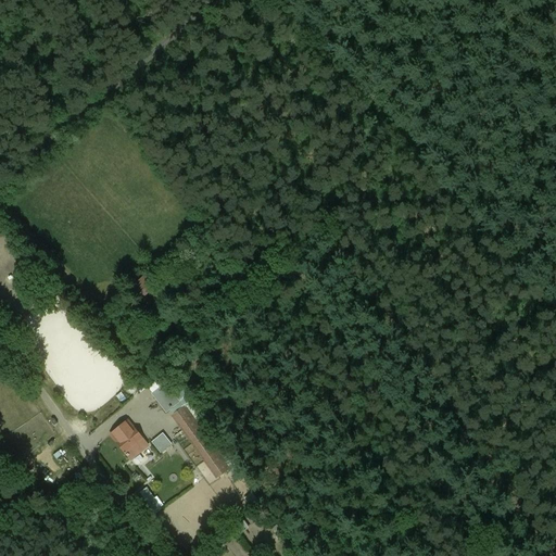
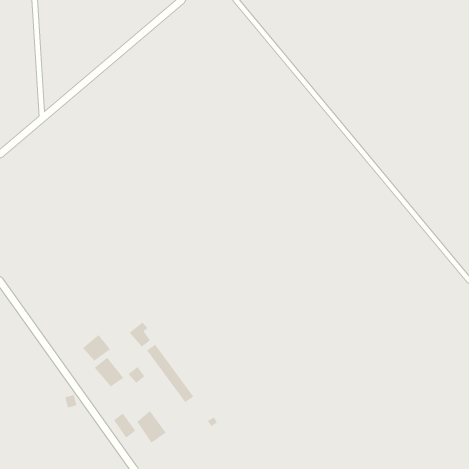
building: none -> [82,334,111,361]
building: none -> [137,410,167,444]

